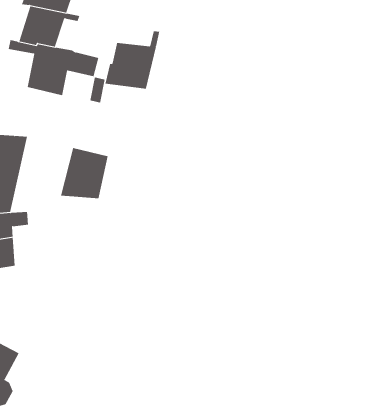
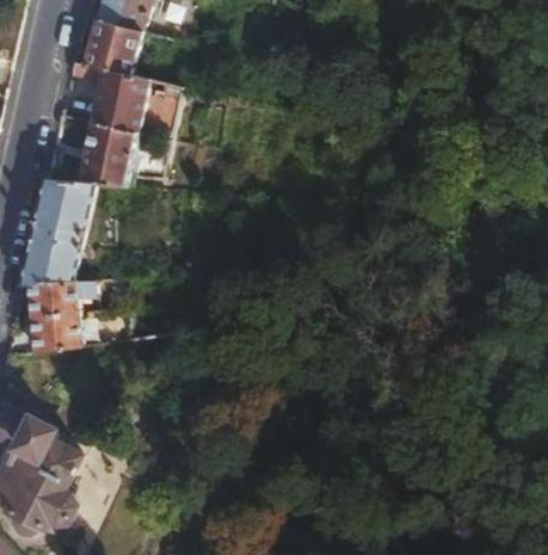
building: [105,30,160,89] -> none
building: [60,148,109,199] -> [78,122,138,186]

